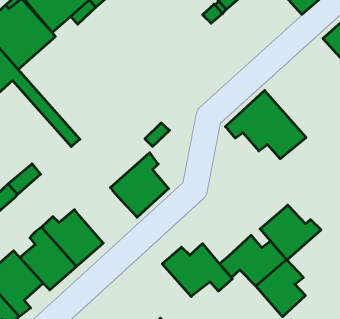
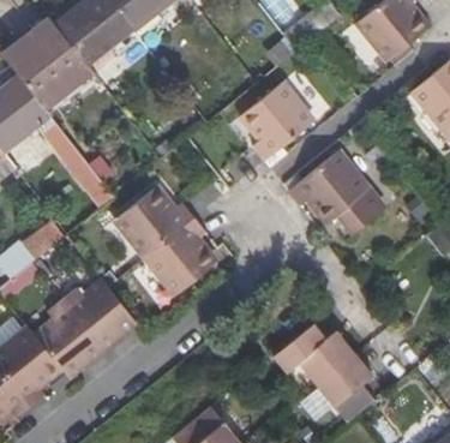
building: none -> [241,83,313,160]
building: none -> [116,187,197,257]
building: [260,205,321,260] -> none
building: [162,244,232,297] -> none

